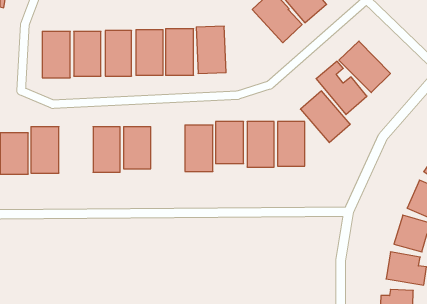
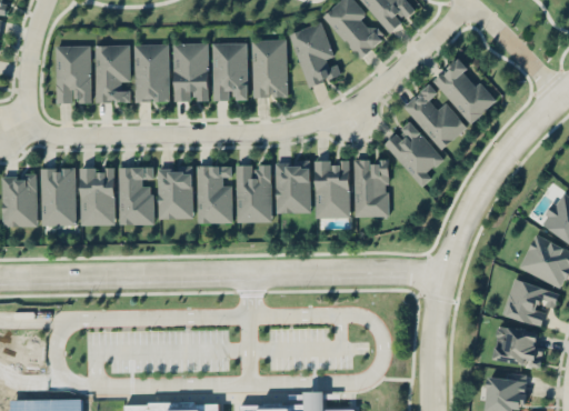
building: none -> [289,22,341,88]
building: none -> [197,166,231,223]
building: none -> [79,168,113,225]

